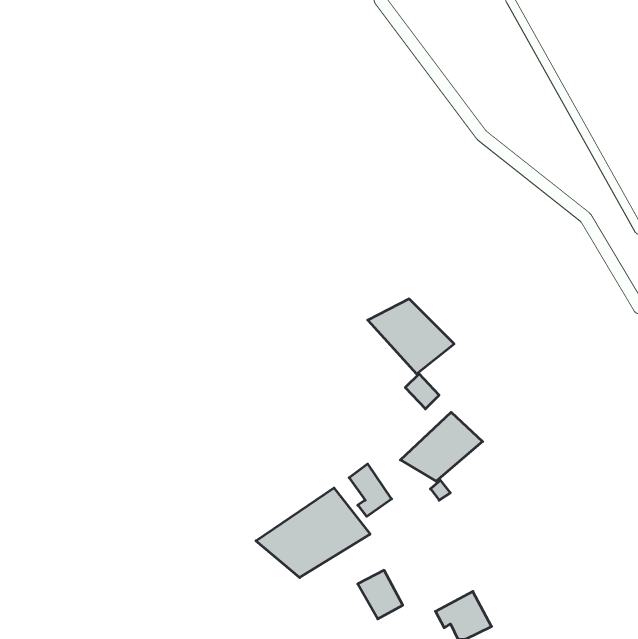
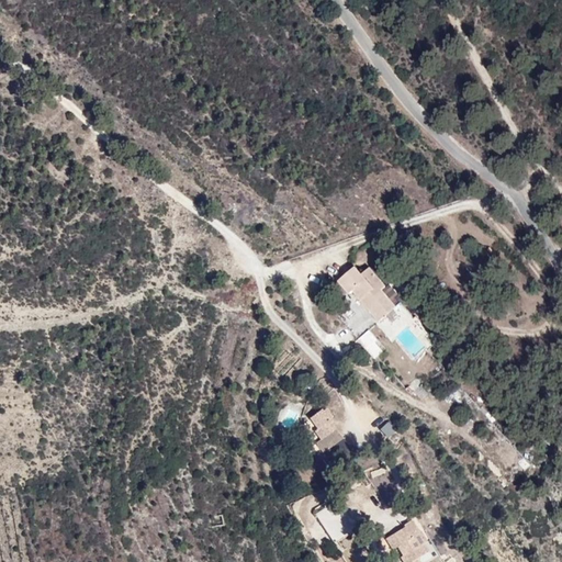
building: [400,412,483,481] -> none
building: [256,488,370,578] -> none

